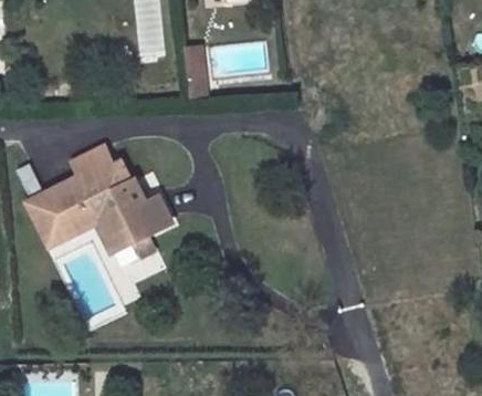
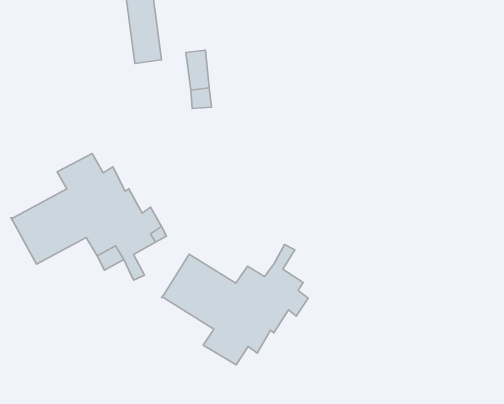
building: none -> [161,245,308,365]

